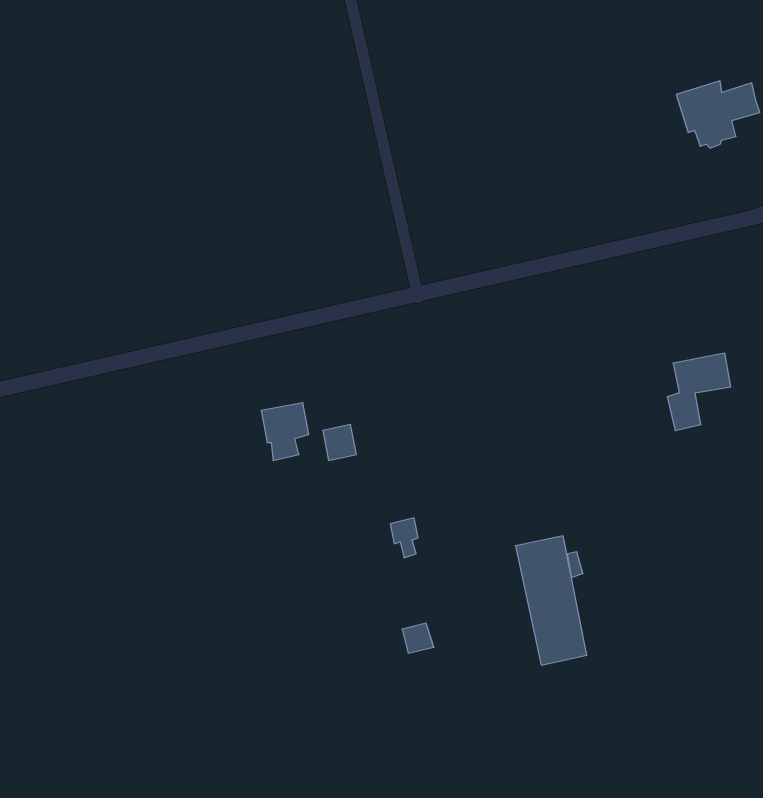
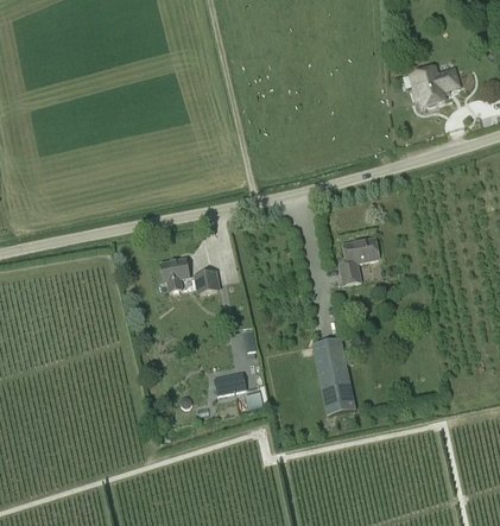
building: [667,353,731,431] -> [340,239,378,285]
building: none -> [213,373,246,394]

